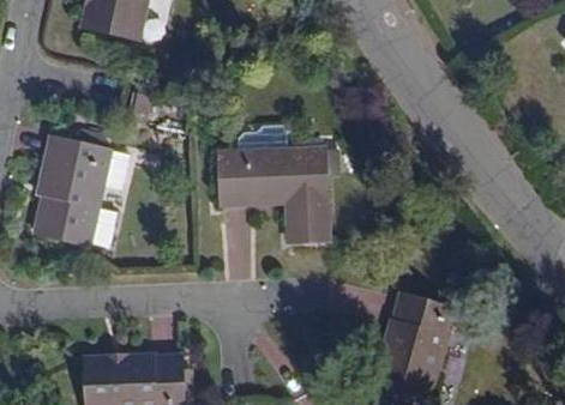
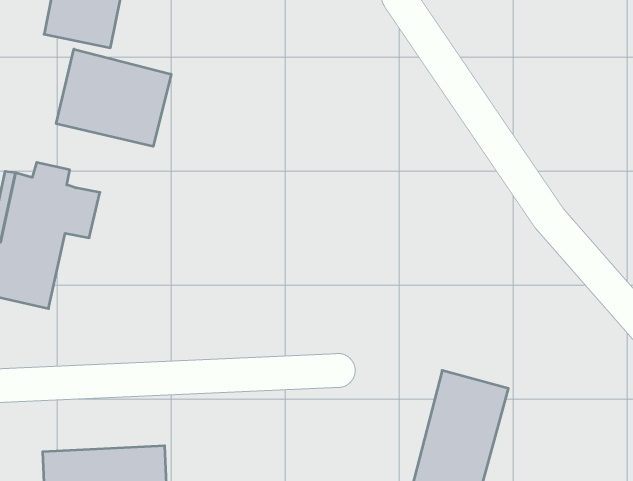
building: none -> [56,49,171,146]
building: [218,126,329,241] -> none

